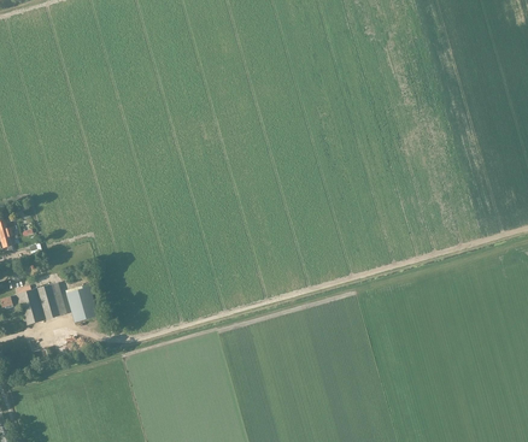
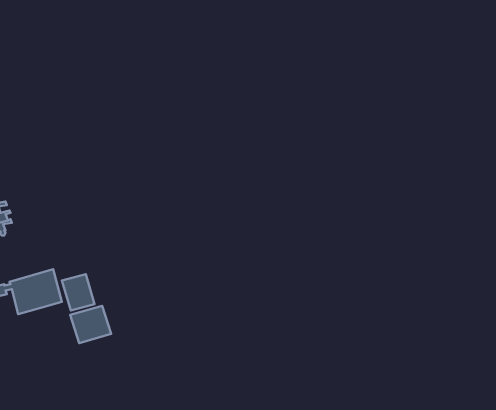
building: none -> [70,306,111,343]

